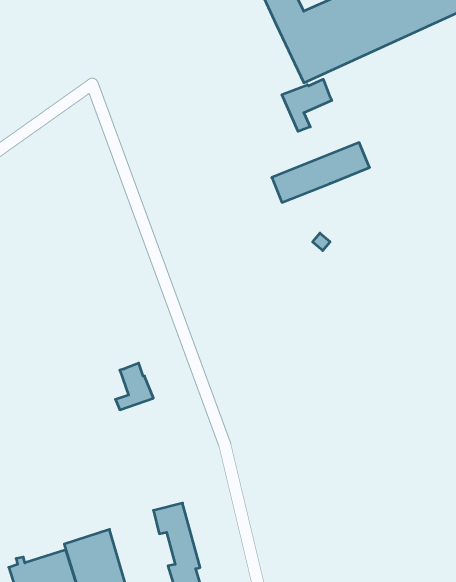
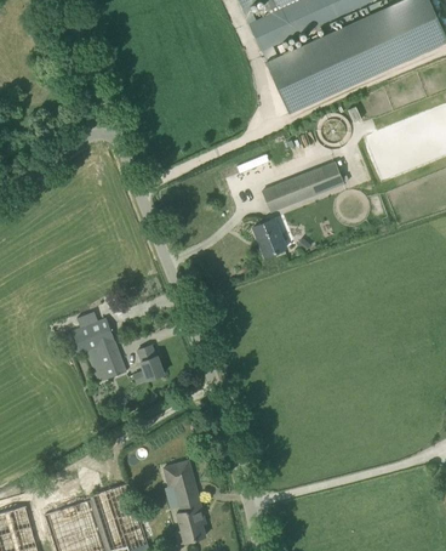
building: [282,79,332,131] -> none
building: none -> [253,220,287,257]
building: none -> [63,312,127,384]

